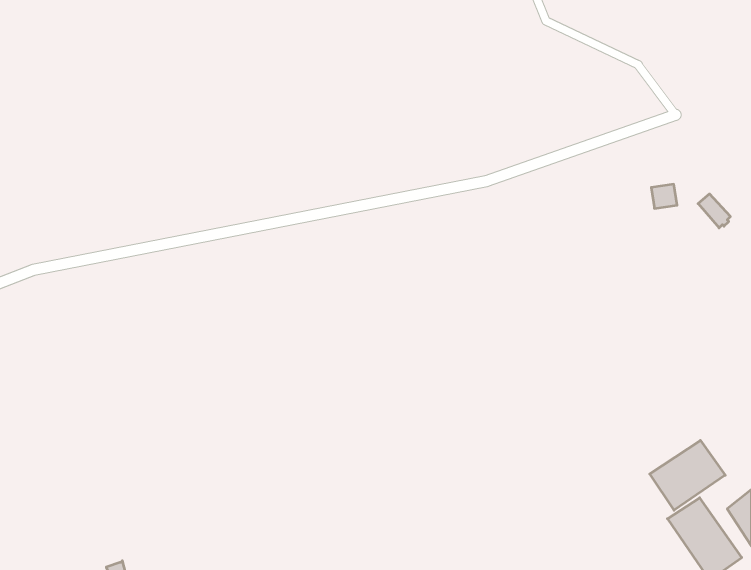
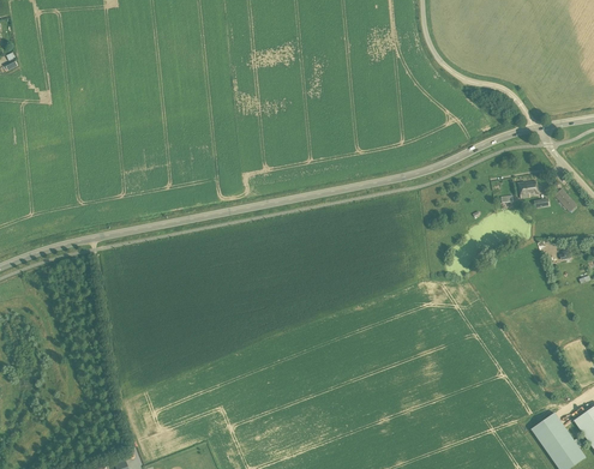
building: [650,440,725,510] -> none

